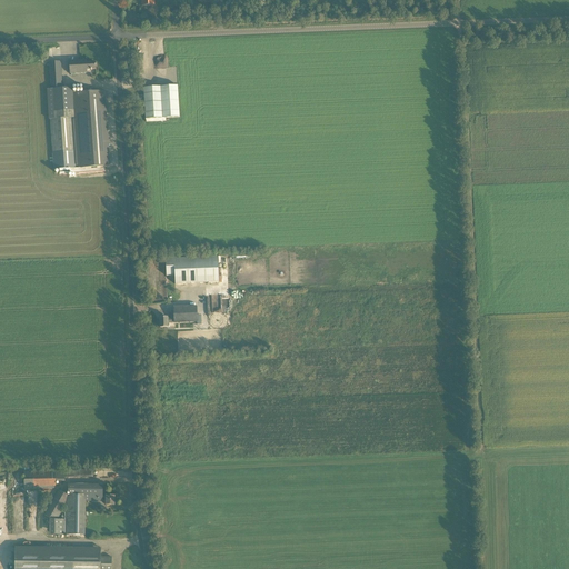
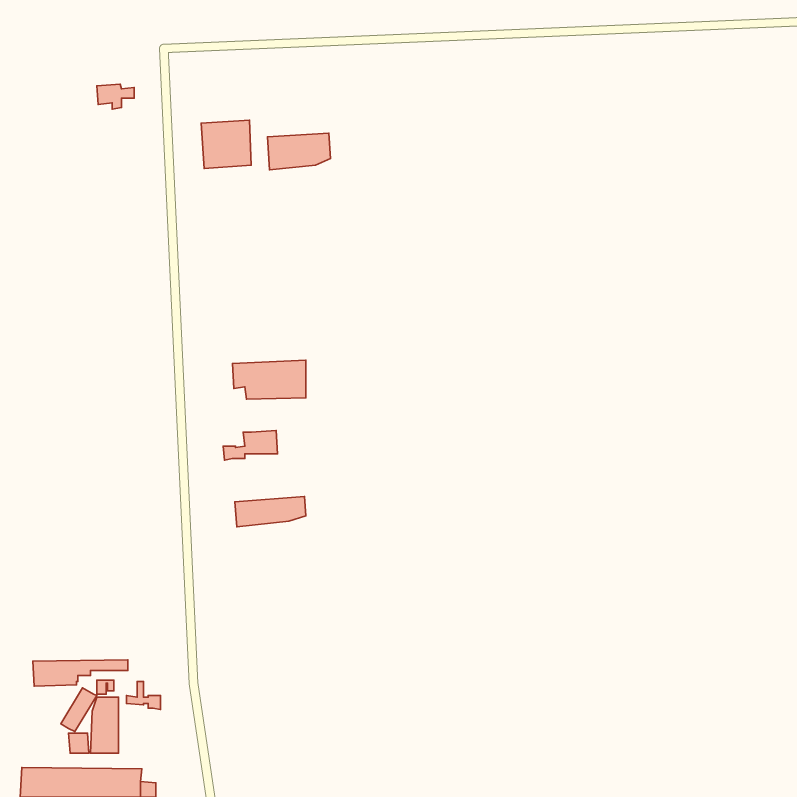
building: [44,62,110,169] -> none
building: none -> [267,133,330,170]
building: none -> [235,497,306,527]

